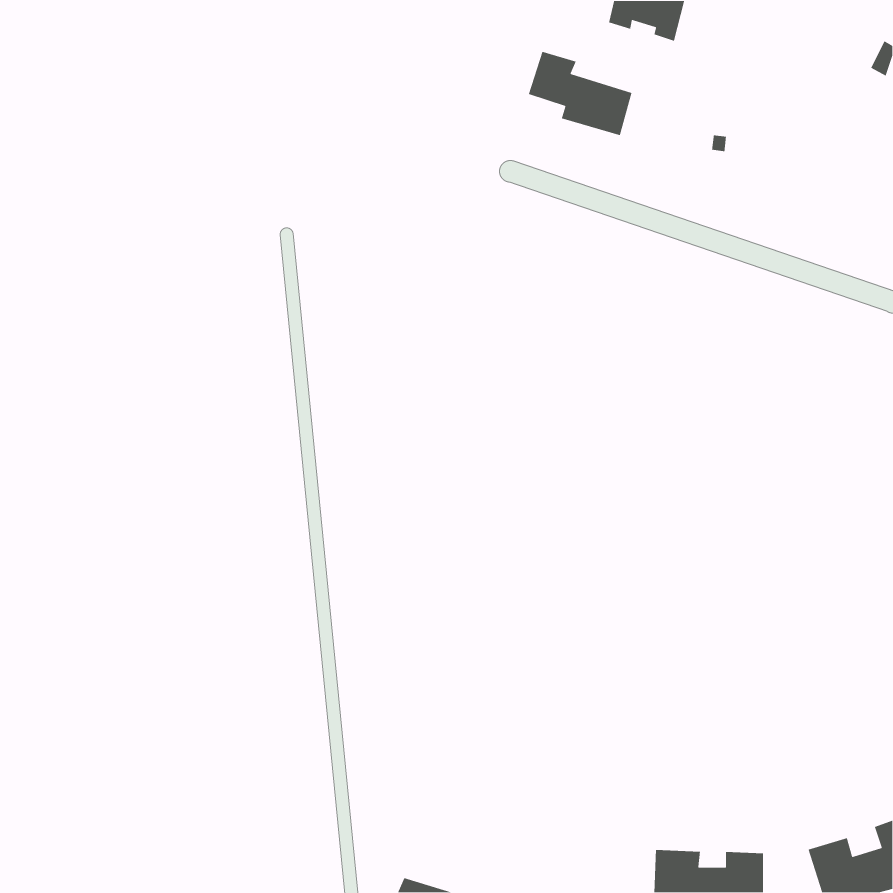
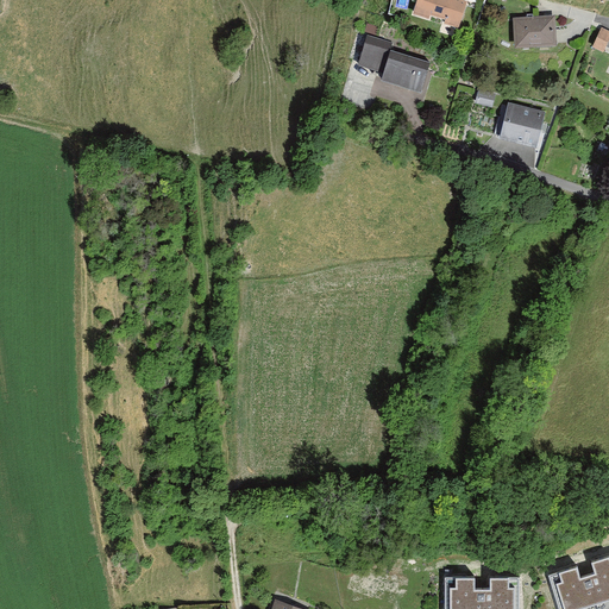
building: none -> [514,12,557,48]
building: none -> [501,106,547,150]

